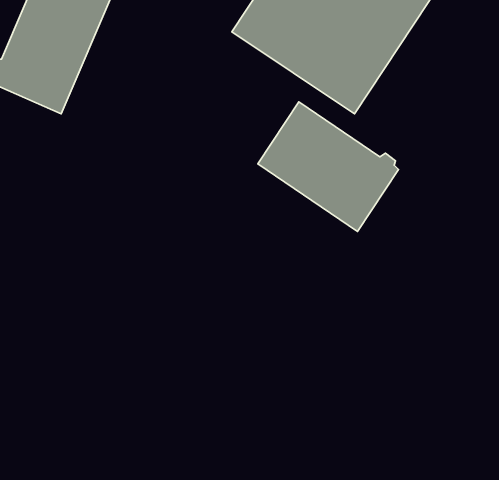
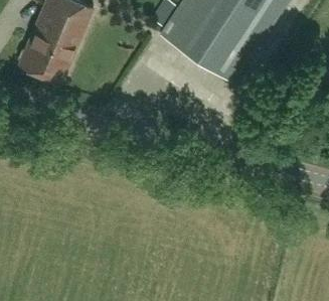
building: [258,102,399,232] -> none

